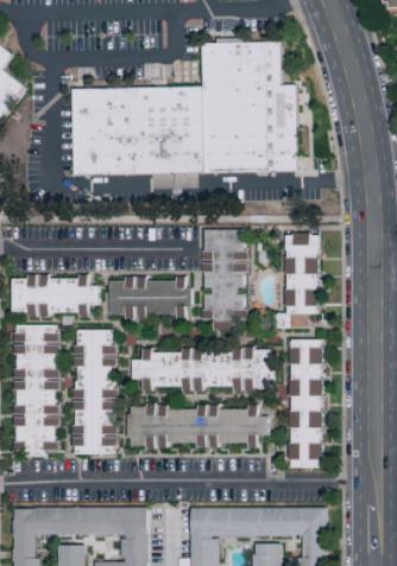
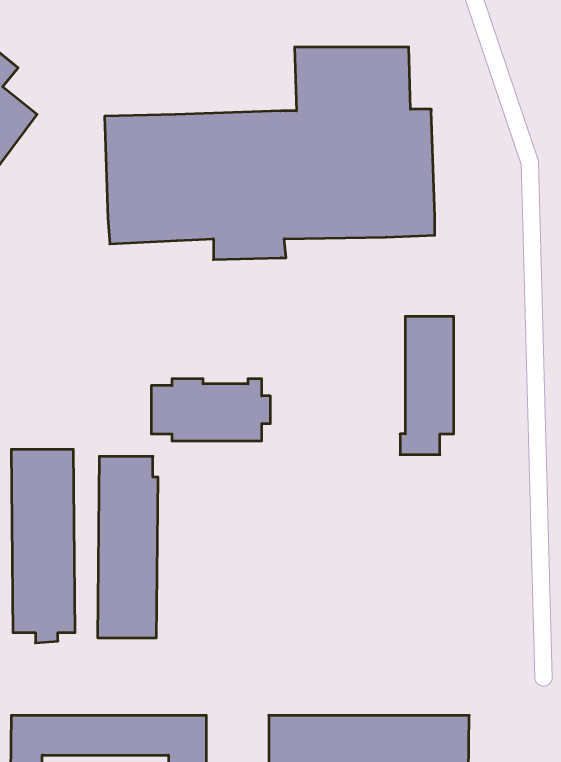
building: [201,228,245,319] -> none
building: [11,275,97,313] -> none
building: [288,338,322,468] -> none
building: [131,346,272,390] -> none
building: [127,403,267,447] -> none

